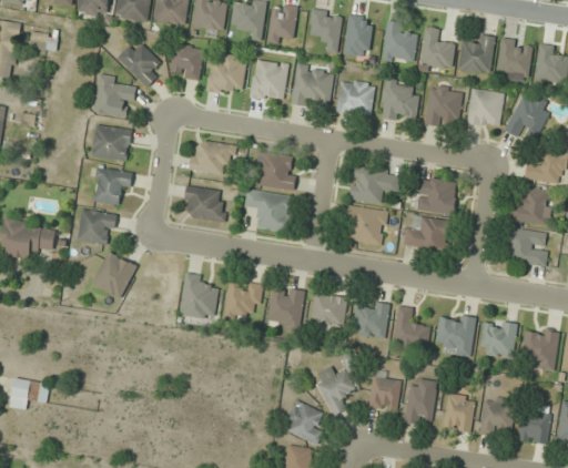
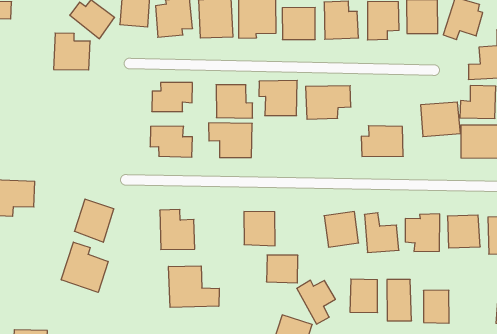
building: [91,125,132,162] -> none
building: [92,167,132,204] -> none
building: [415,179,456,214] -> [421,102,461,137]
building: [346,205,388,246] -> [259,80,297,116]
building: [78,210,116,245] -> none
building: [225,282,263,318] -> none
building: [311,294,347,327] -> [266,255,298,283]
building: none -> [61,242,108,292]
building: none -> [169,266,219,307]
building: [483,398,514,435] -> none

